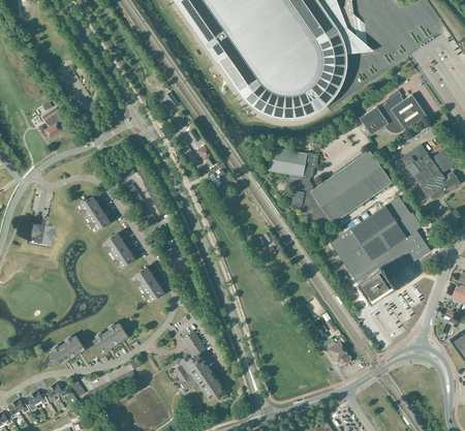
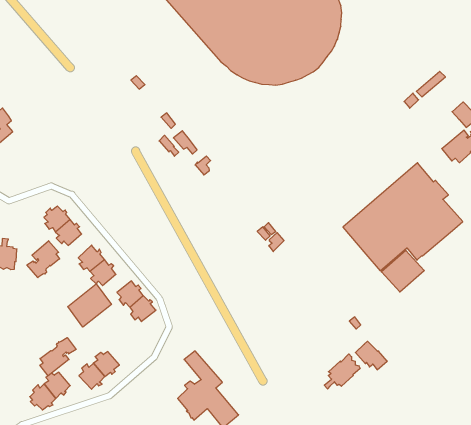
building: [359,92,426,135] -> none
building: [400,144,440,187] -> none
building: [267,147,391,227] -> none
building: none -> [27,241,60,278]
building: none -> [68,284,111,327]
building: none -> [40,338,76,376]
building: none -> [324,354,360,389]

